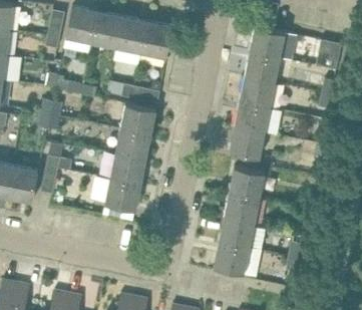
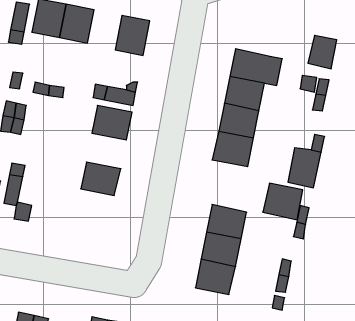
building: [116,17,147,53] -> none
building: [250,27,286,59] -> none
building: [115,128,151,161] -> none
building: [229,167,265,200] -> [263,183,303,220]
building: [105,179,140,211] -> none

